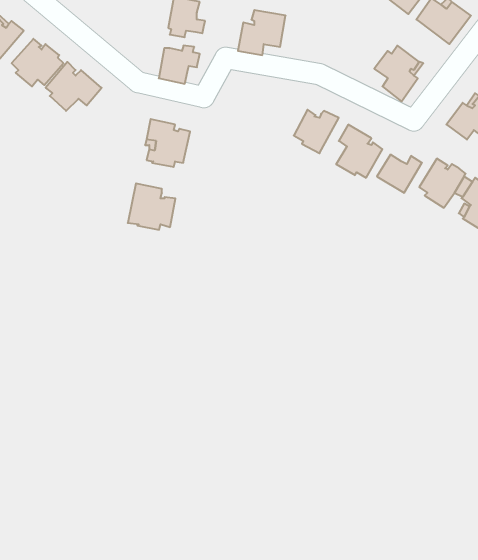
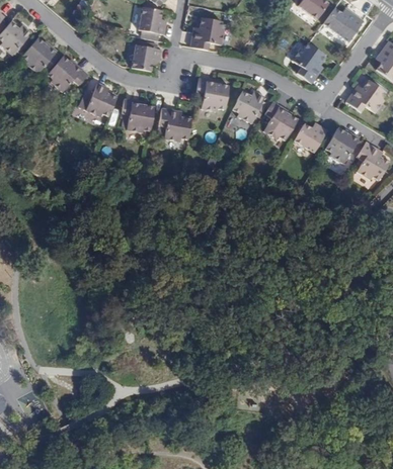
building: none -> [195,80,229,111]
building: none -> [78,82,116,116]
building: [128,183,175,230] -> [155,107,190,142]

